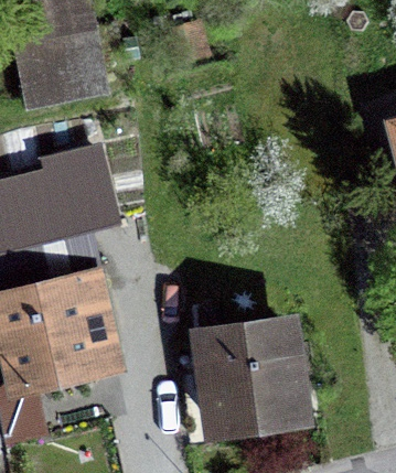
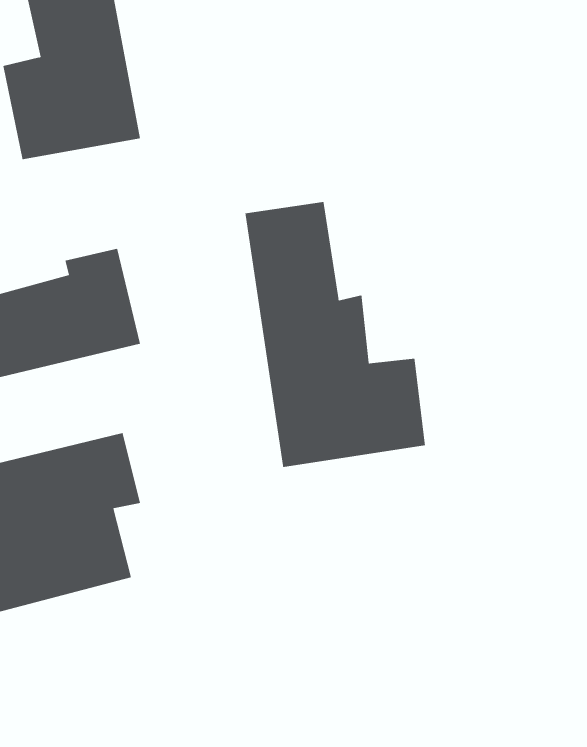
building: none -> [245,201,425,468]
building: [204,329,299,429] -> none

